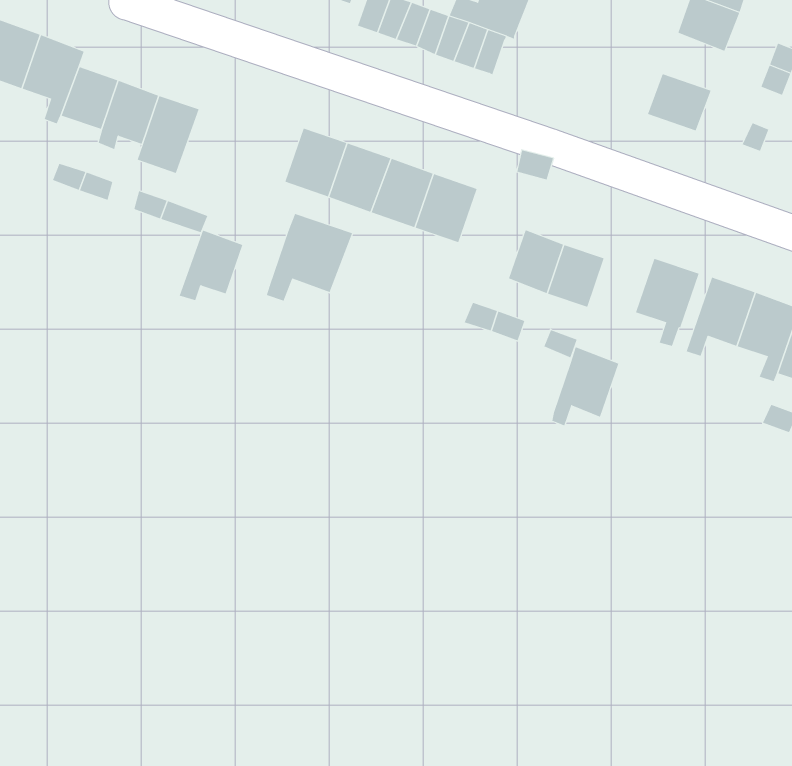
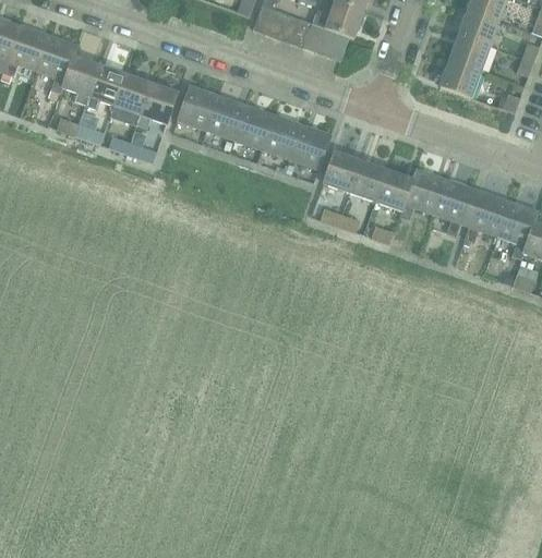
building: none -> [449,34,490,71]
building: none -> [178,85,218,130]
building: [266,213,353,302] -> none
building: none -> [323,151,361,192]
building: [179,230,243,301] -> [136,83,178,129]
building: [551,346,619,426] -> [400,168,444,219]

